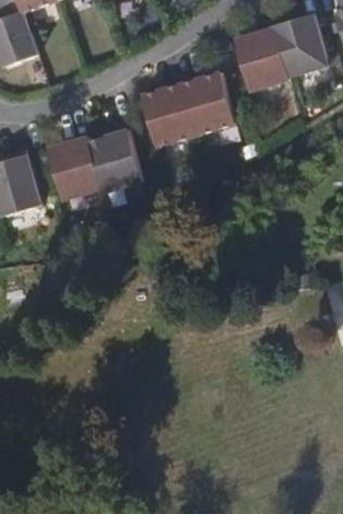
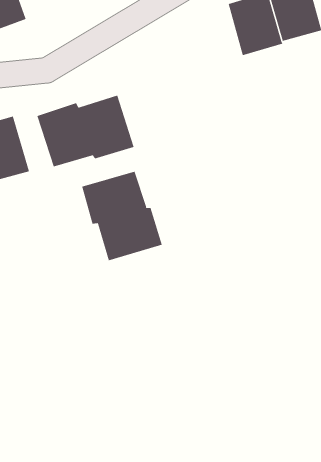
building: [141,70,235,145] -> none
building: none -> [82,171,162,261]

